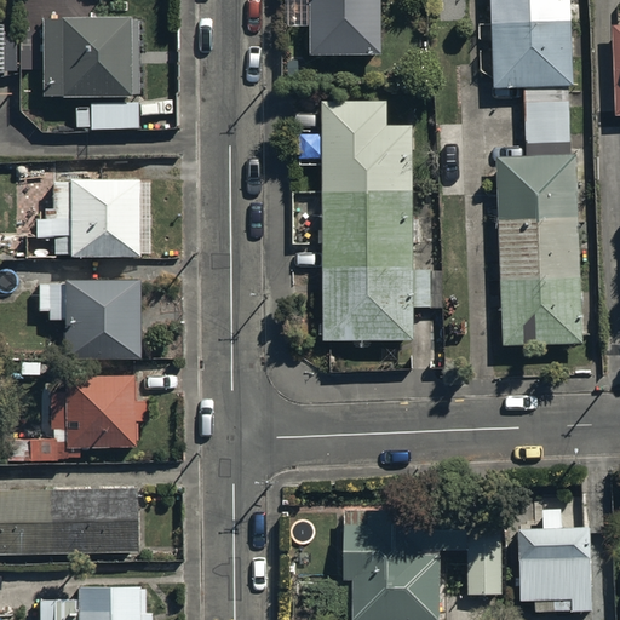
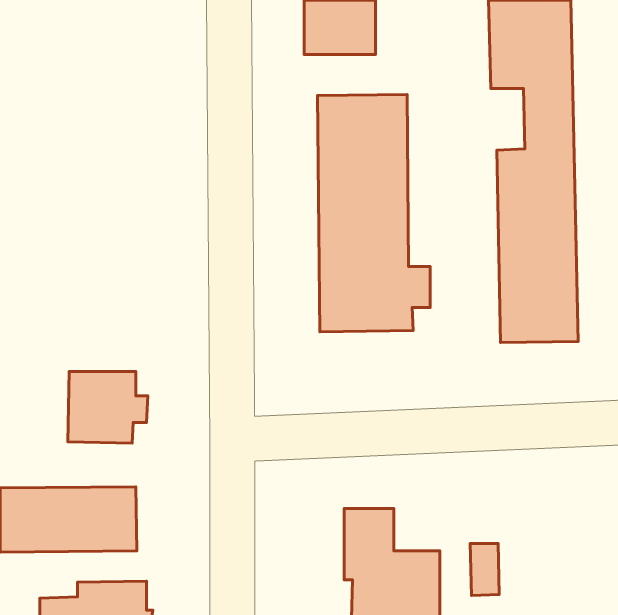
building: [44,18,139,127] -> none
building: [52,177,143,256] -> none
building: [45,277,140,360] -> none
building: [516,515,591,613] -> none

